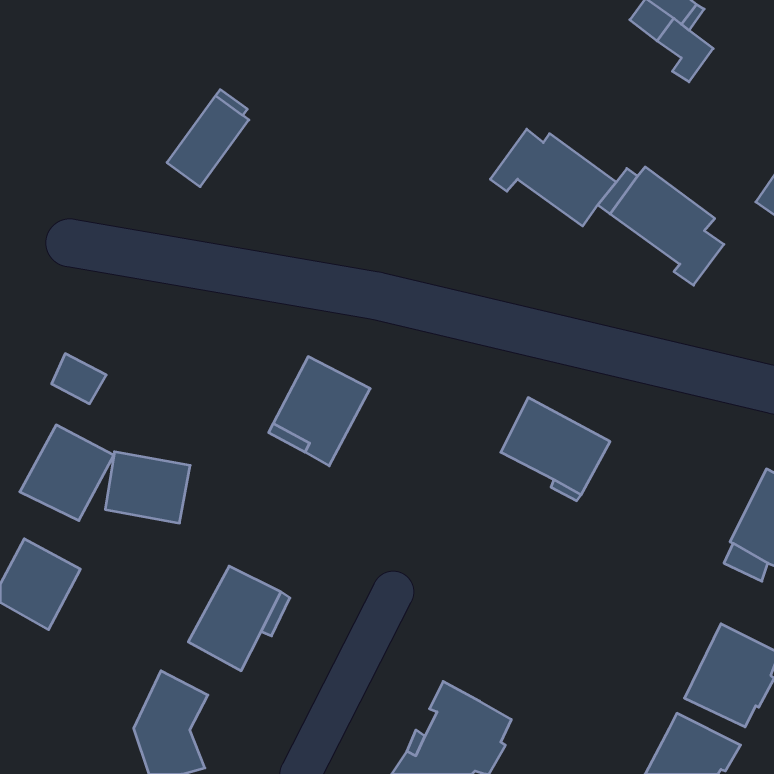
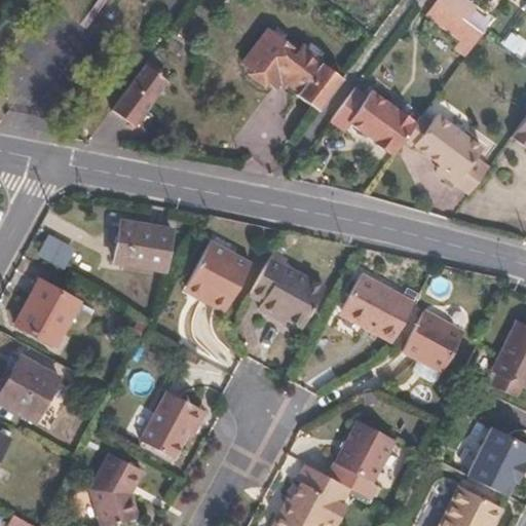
building: none -> [243,30,343,109]
building: none -> [252,251,325,328]
building: [105,452,190,523] -> [113,229,171,277]
building: none -> [402,307,462,377]
building: none -> [326,417,393,496]

